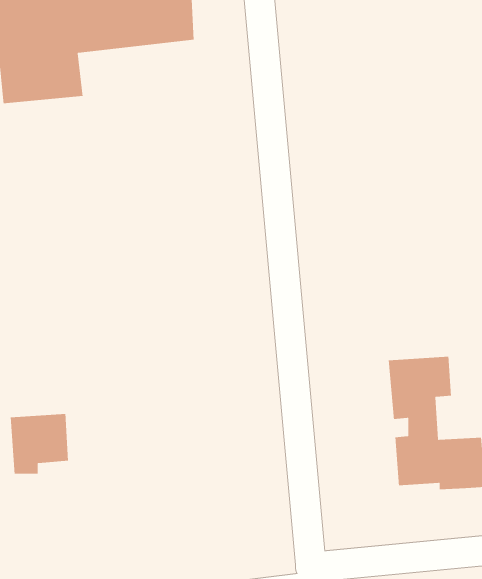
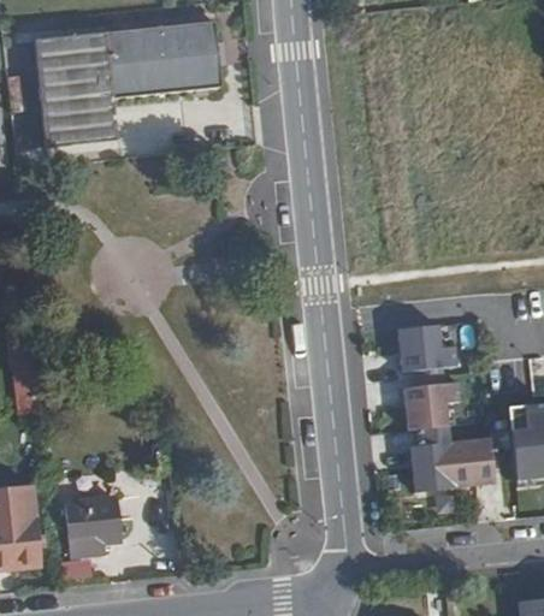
building: none -> [400,321,459,367]
building: [10,413,69,474] -> [64,496,118,552]

